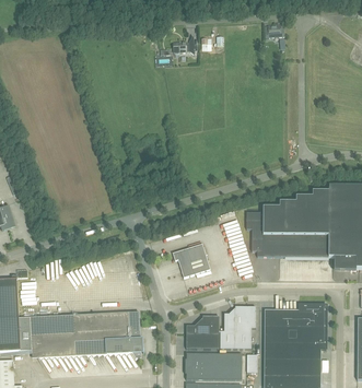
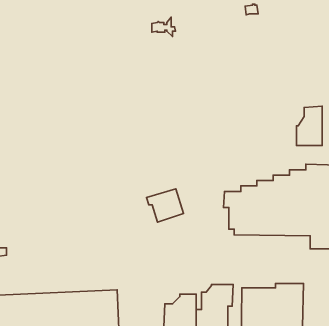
building: none -> [297,106,322,145]
building: [173,244,210,278] -> [147,189,183,222]

